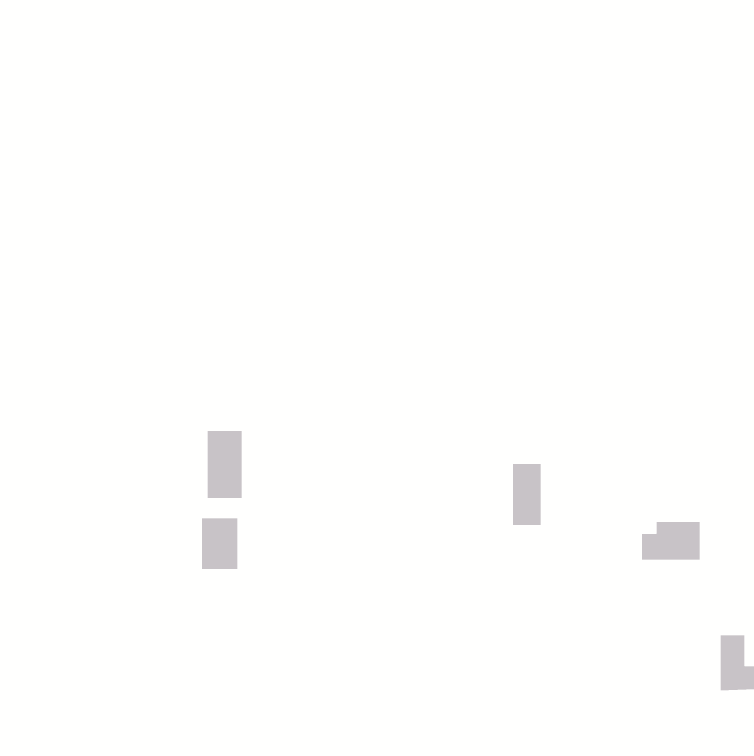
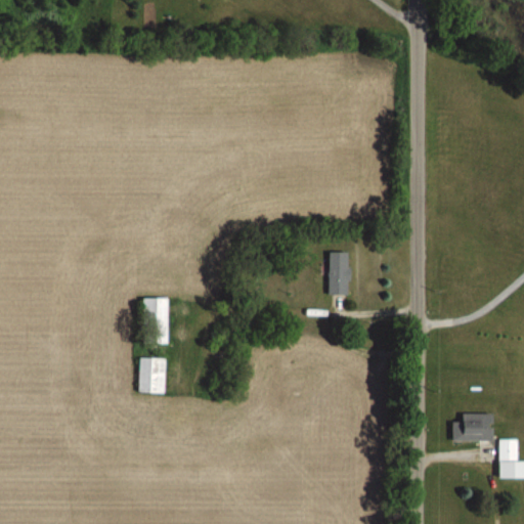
building: [512,463,542,525] -> [330,252,350,295]
building: [641,522,700,560] -> [452,413,493,440]

